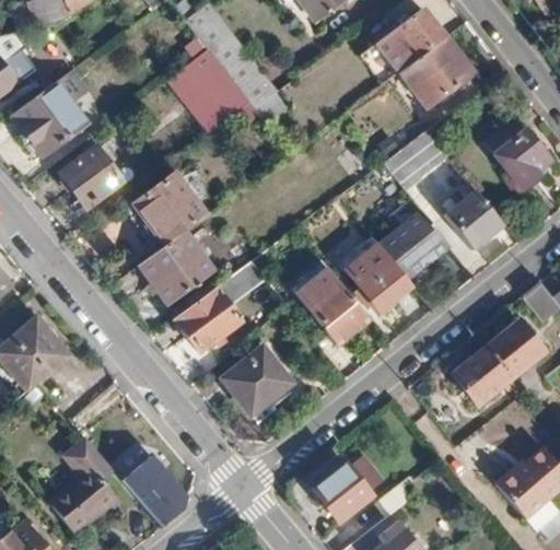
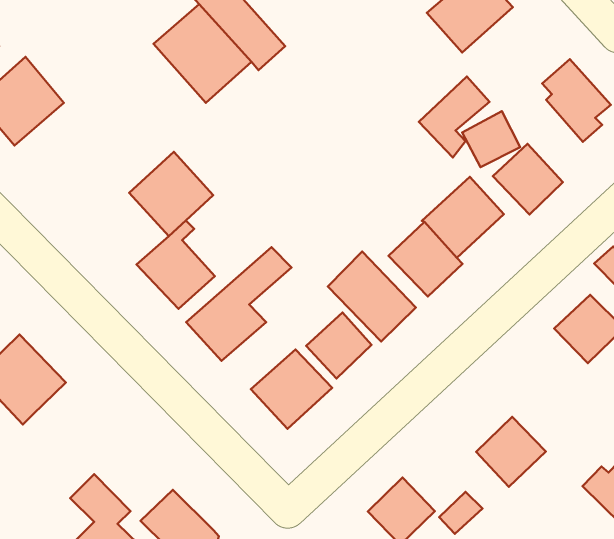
building: [60,145,121,207] -> none
building: none -> [306,313,371,379]
building: [453,347,512,406] -> [476,417,546,487]

